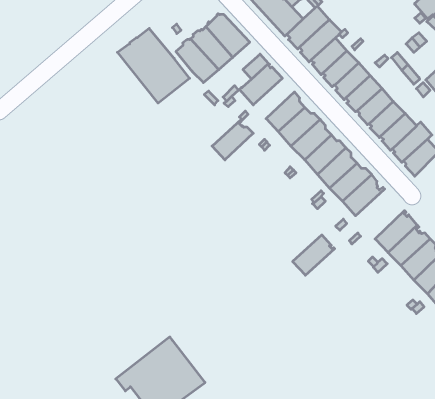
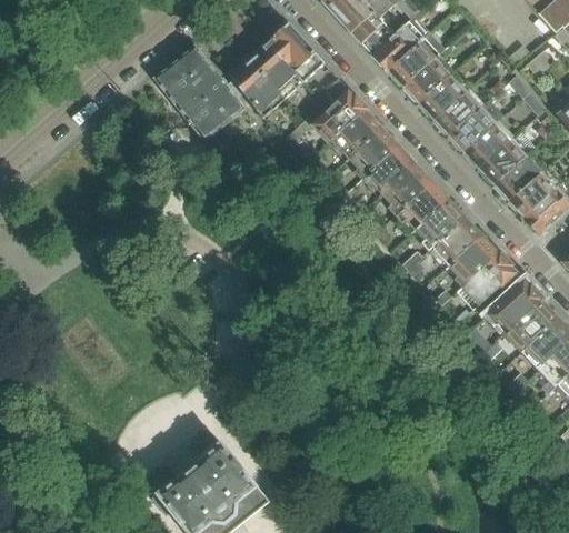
building: [212,119,253,160] -> [330,107,383,159]
building: [293,235,335,275] -> [462,250,517,302]

